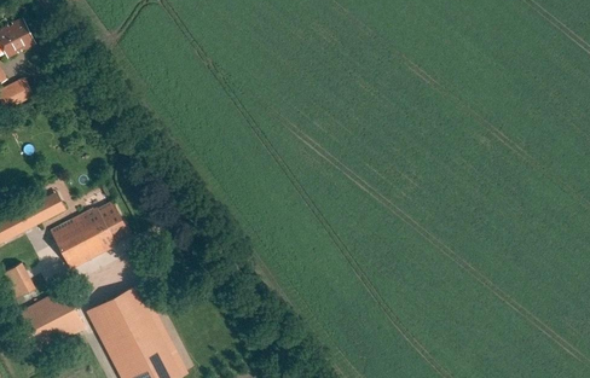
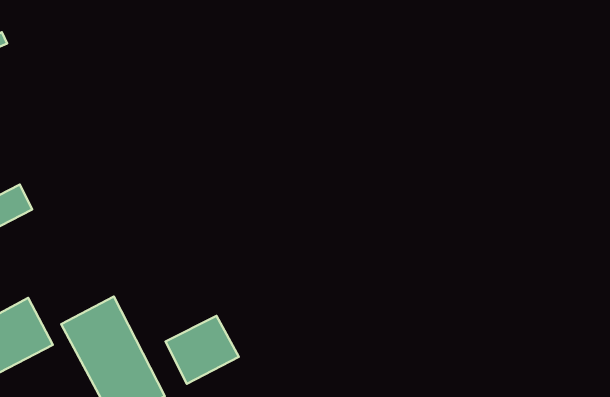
building: [51,203,129,271] -> none
building: none -> [166,316,239,384]

